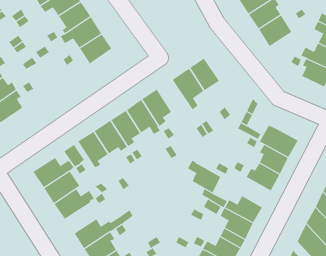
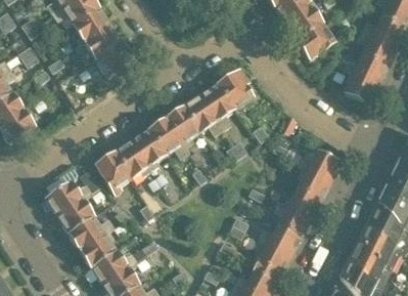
building: none -> [184,95,223,134]
building: [187,160,221,193] -> [273,201,311,238]
building: none -> [81,231,117,266]

